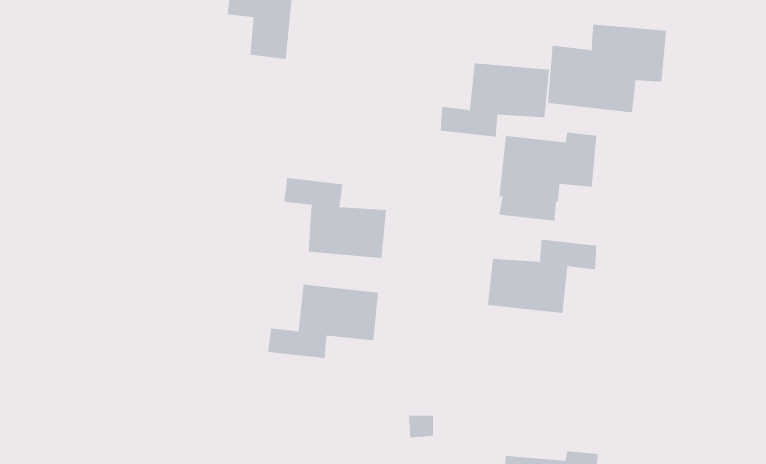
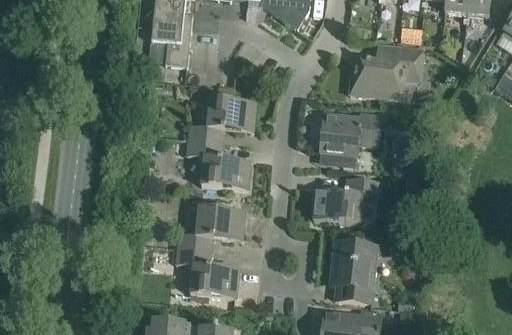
building: [440,63,550,137] -> [188,97,256,143]
building: none -> [330,241,382,302]
building: none -> [175,247,239,297]

